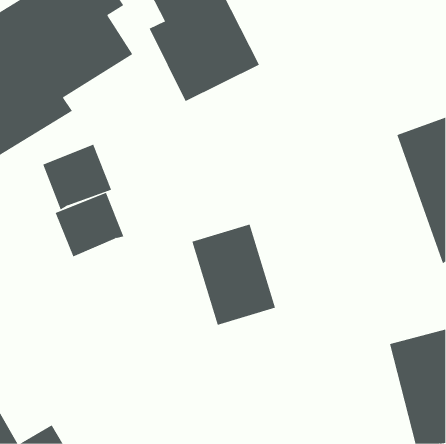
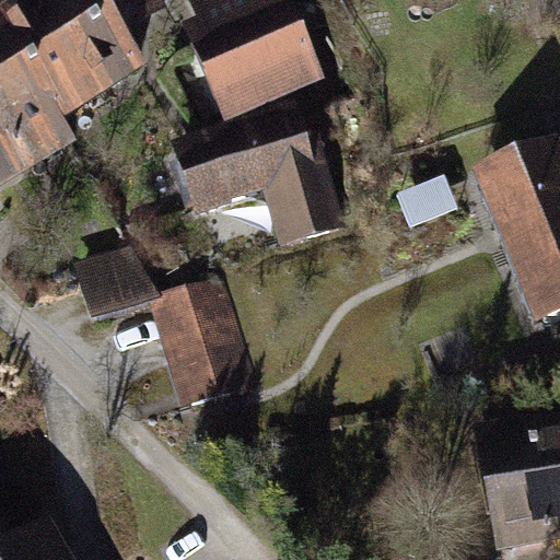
building: none -> [175,105,342,252]
building: [42,144,112,210] -> none
building: [192,224,276,326] -> [143,272,247,398]

